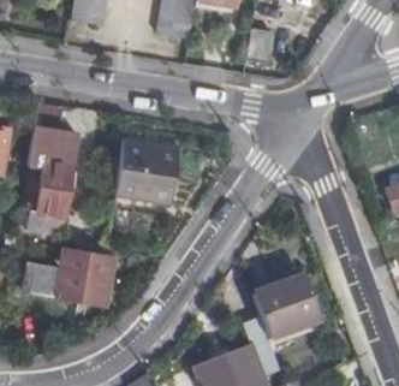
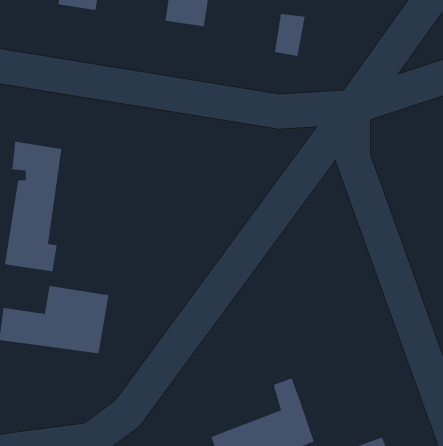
building: [118,139,178,202] -> none
building: [254,269,317,339] -> none

